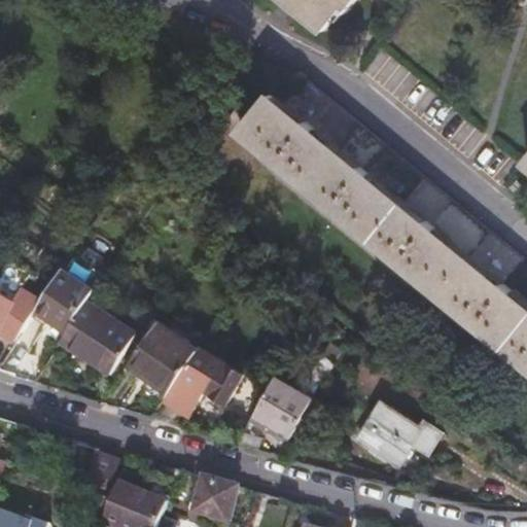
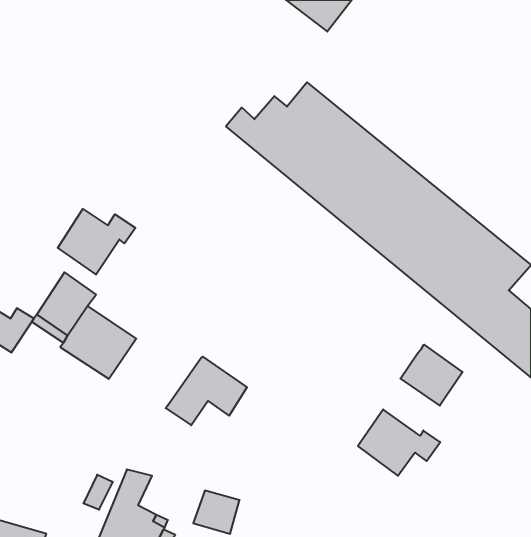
building: none -> [58,209,135,275]
building: [127,322,197,393] -> none
building: none -> [400,345,463,406]
building: [245,381,308,438] -> none

